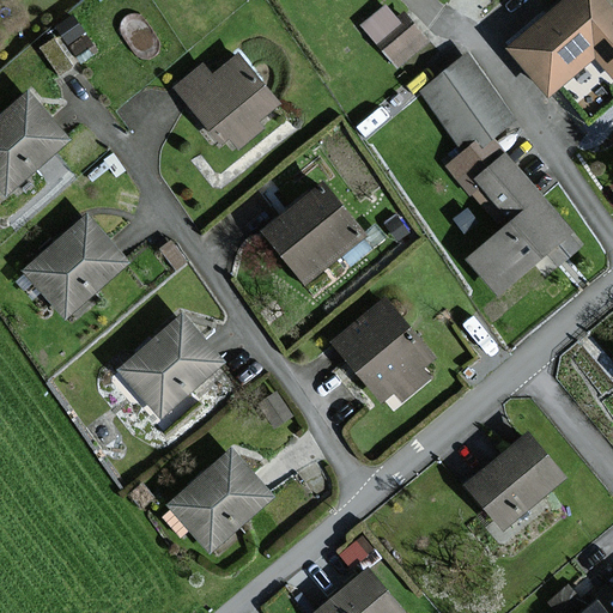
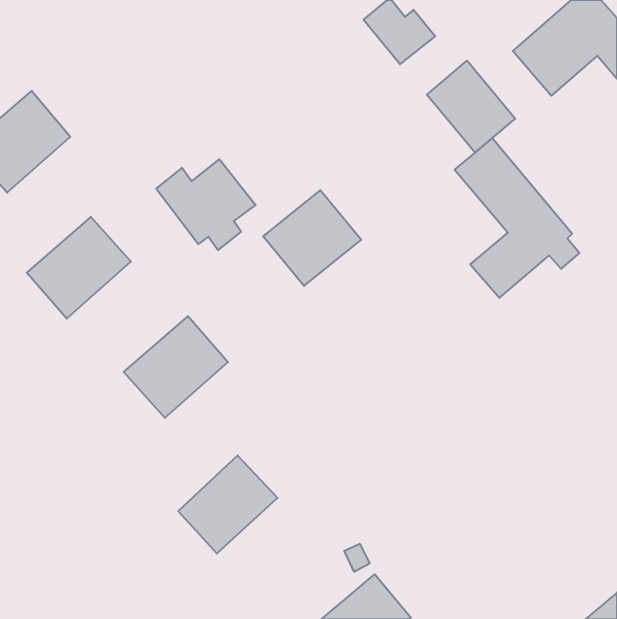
building: [174,59,272,148] -> [156,159,256,250]
building: [333,304,426,399] -> none
building: [466,438,557,528] -> none

